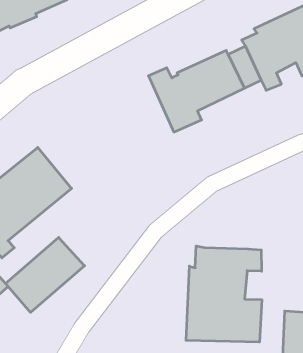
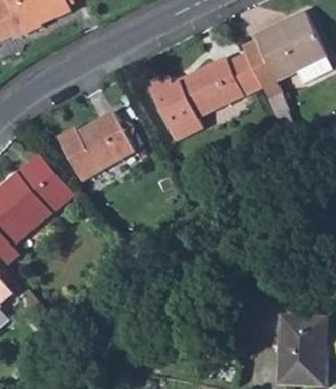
building: none -> [55,111,134,180]
building: [5,237,85,312] -> none
building: [186,246,262,342] -> none

